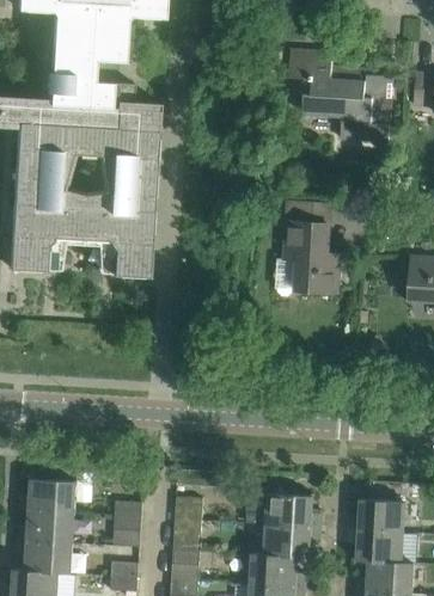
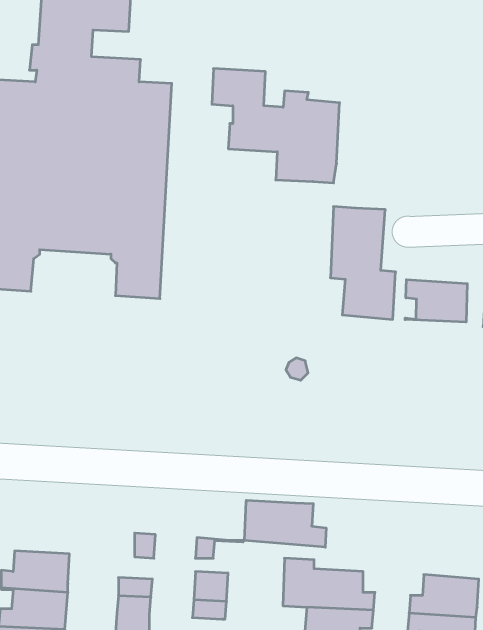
building: [289,50,392,142] -> [212,69,340,183]
building: none -> [405,280,467,322]
building: none -> [244,500,326,547]

